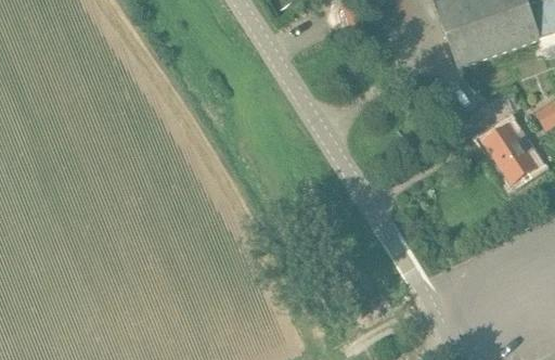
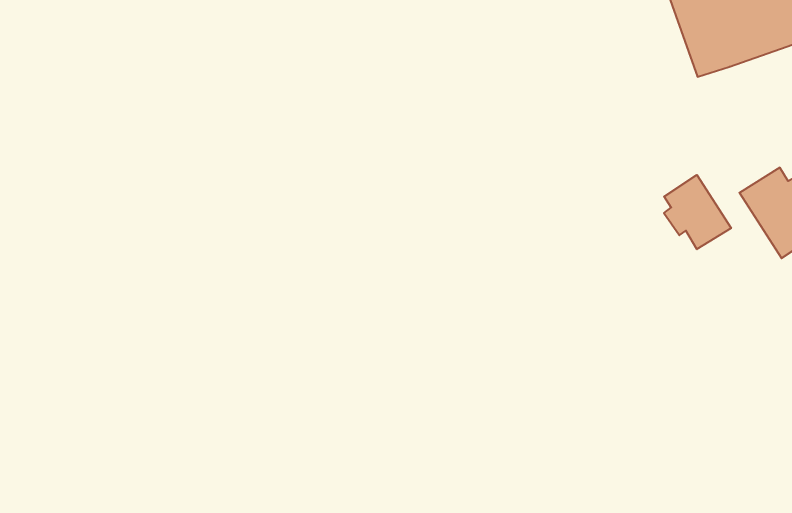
building: none -> [664,175,731,249]

